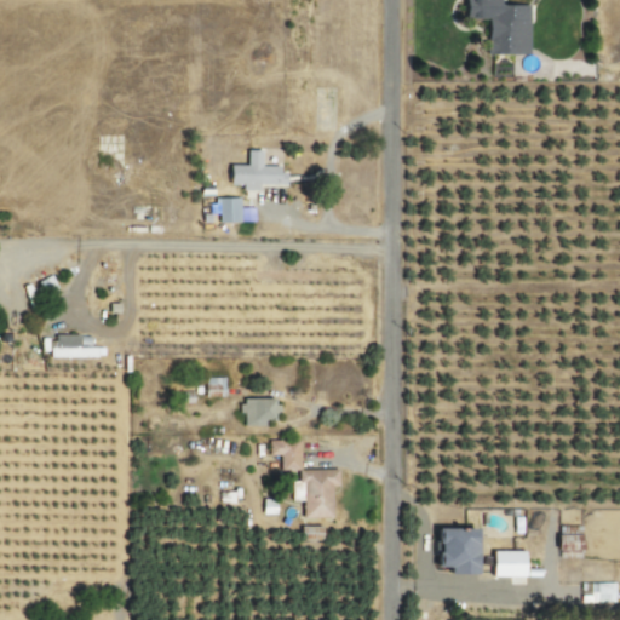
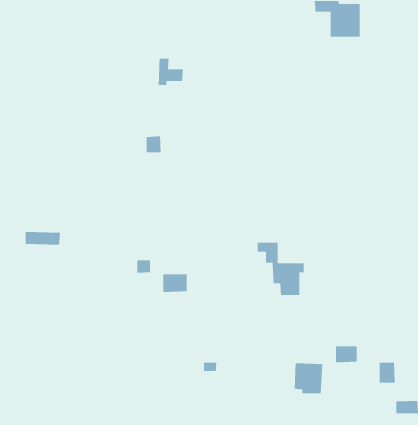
building: [251,150,288,191] -> [158,58,184,86]
building: [274,440,343,518] -> [257,242,304,296]
building: [495,552,528,578] -> [335,346,358,363]

